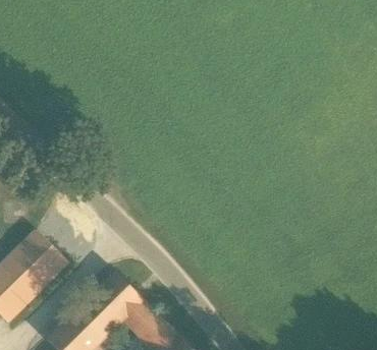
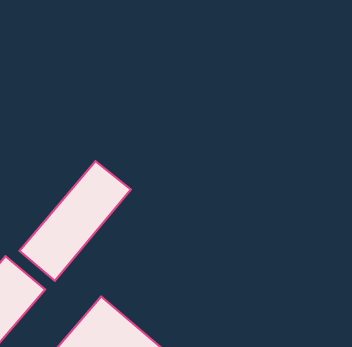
building: none -> [20,161,131,281]

